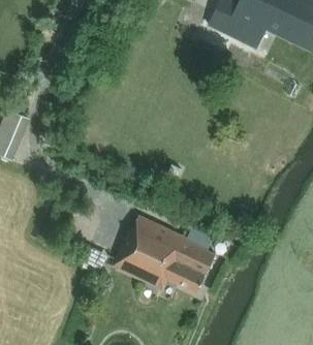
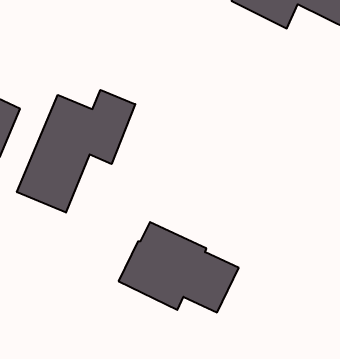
building: none -> [17,90,135,213]

